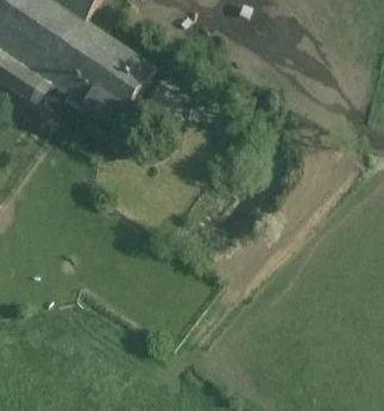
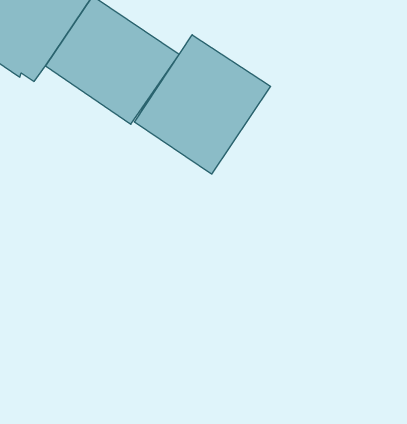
building: none -> [134,35,271,174]

